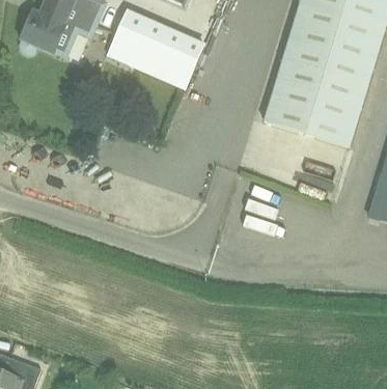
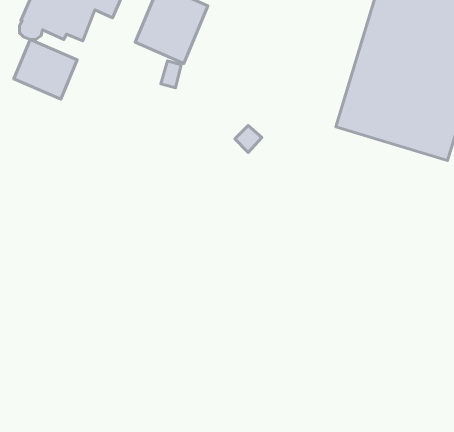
building: [145,27,203,87] -> none
building: none -> [14,39,77,99]

